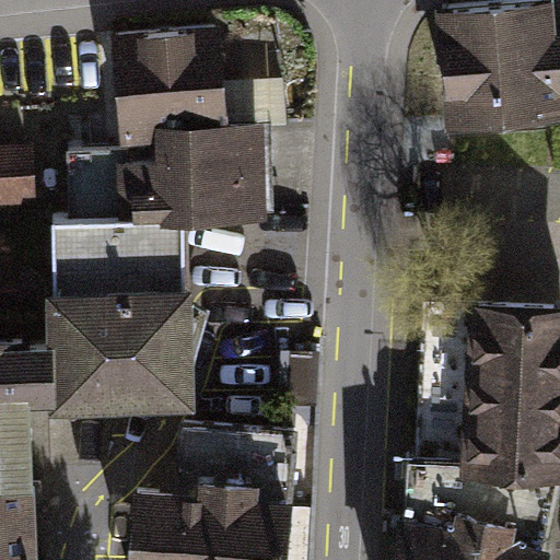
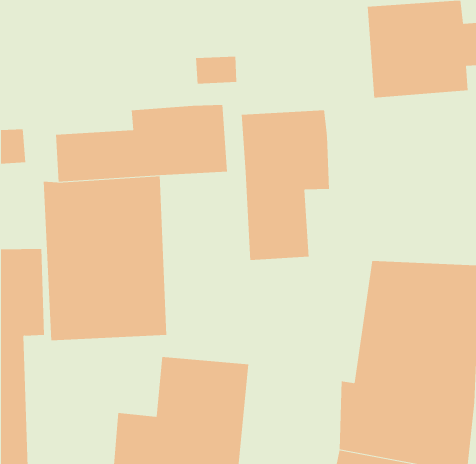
building: [113,42,226,148] -> none
building: none -> [241,109,329,261]

